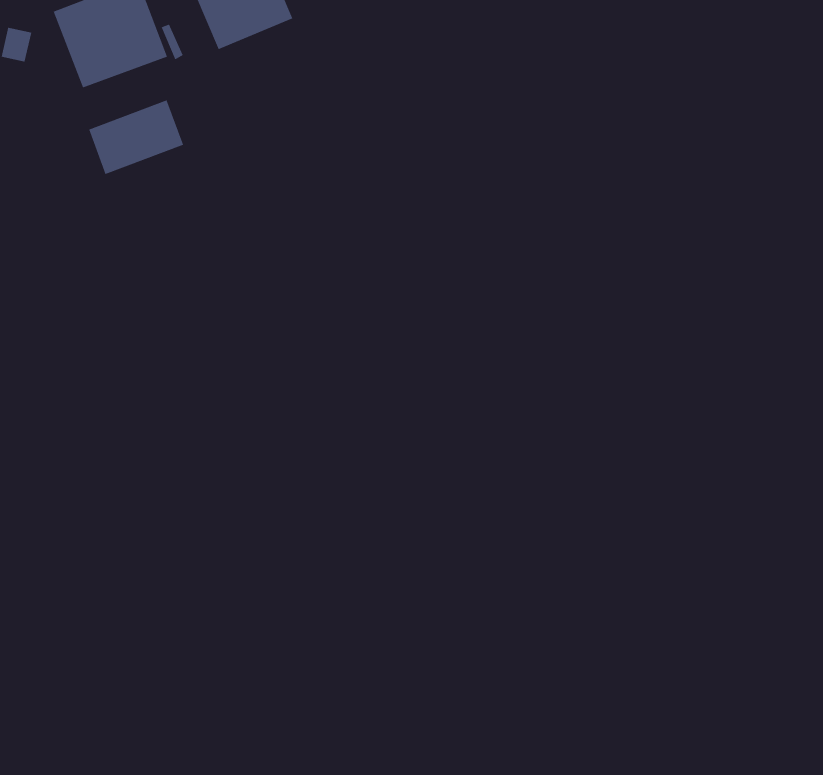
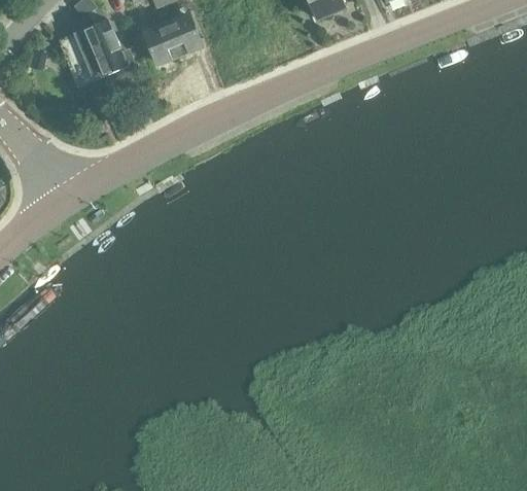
building: [88,100,184,175] -> none

